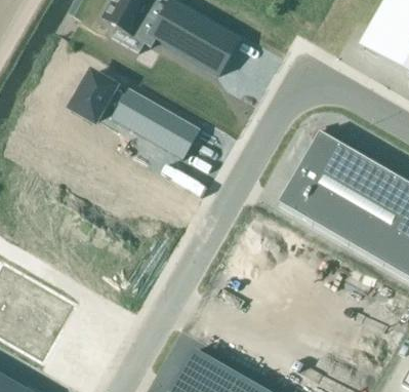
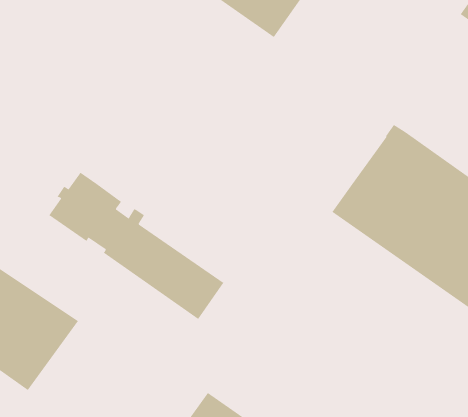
building: [71,71,201,163] -> none
building: none -> [48,172,224,320]

